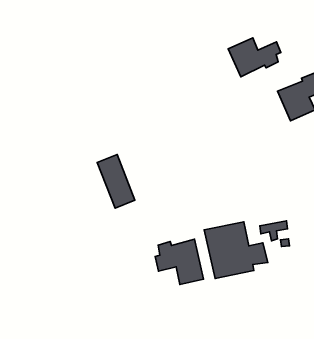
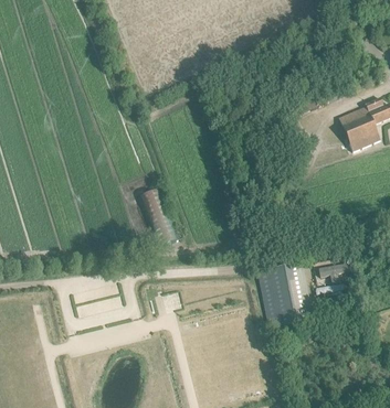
building: [228,38,281,77] -> none
building: [155,239,204,284] -> none

